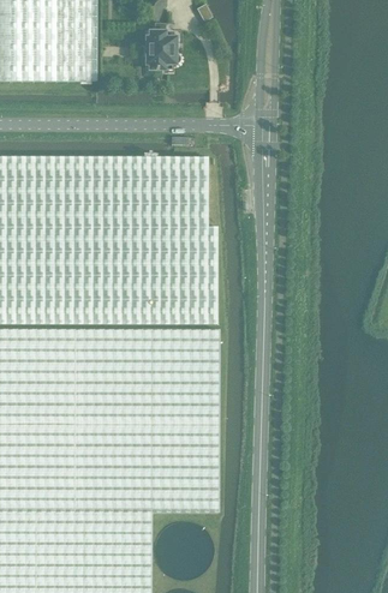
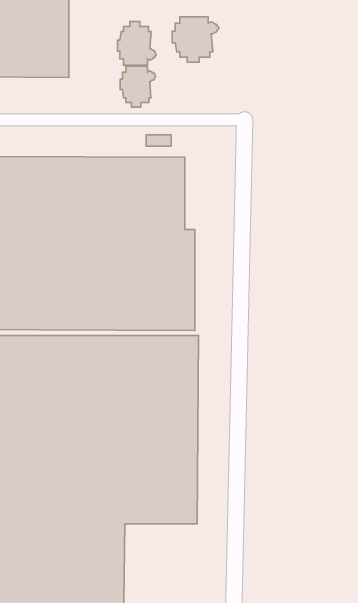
building: none -> [172,17,219,62]
building: none -> [120,66,156,107]

